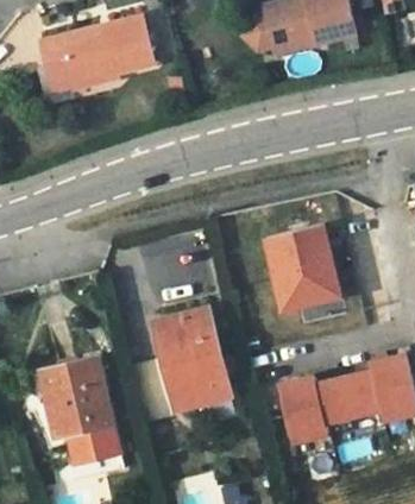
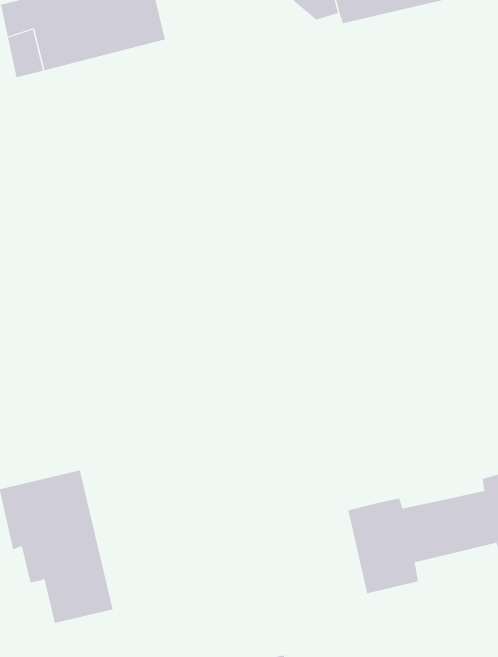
building: [264,225,337,310] -> none
building: [158,309,227,409] -> none

